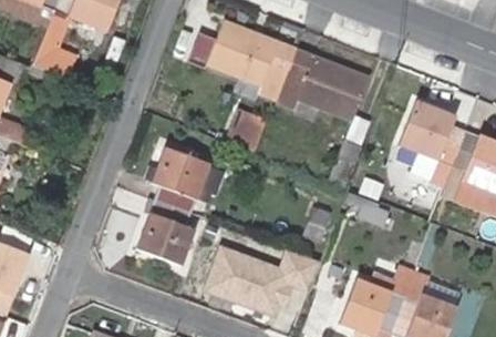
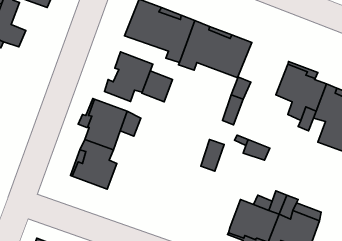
building: none -> [105,52,153,102]
building: [204,247,319,319] -> none

